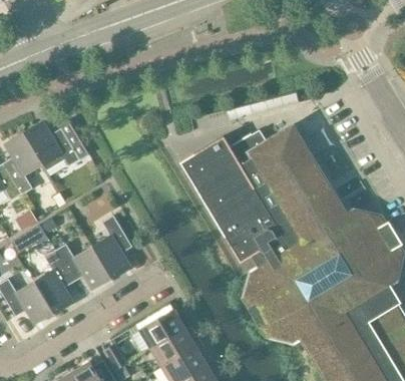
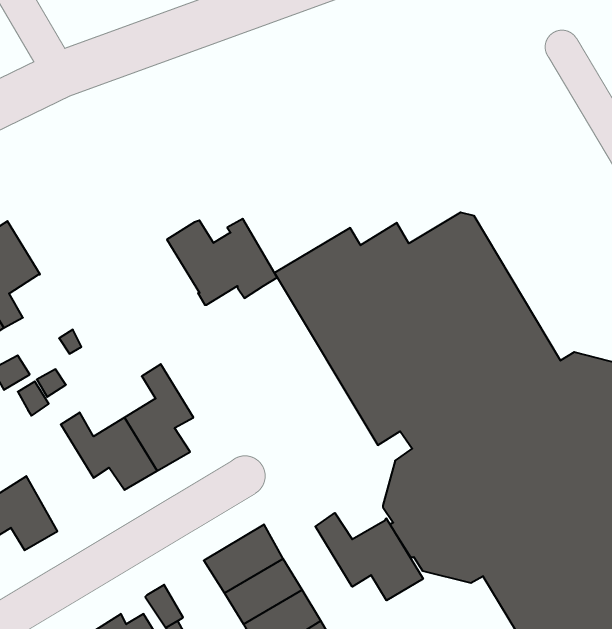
building: [24,120,88,170] -> [167,219,277,305]
building: [35,251,74,313] -> none
building: none -> [315,513,423,600]

